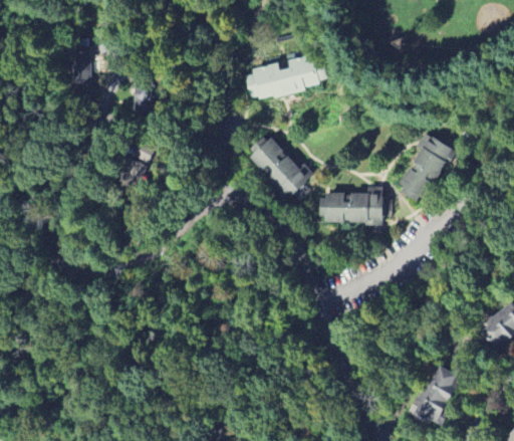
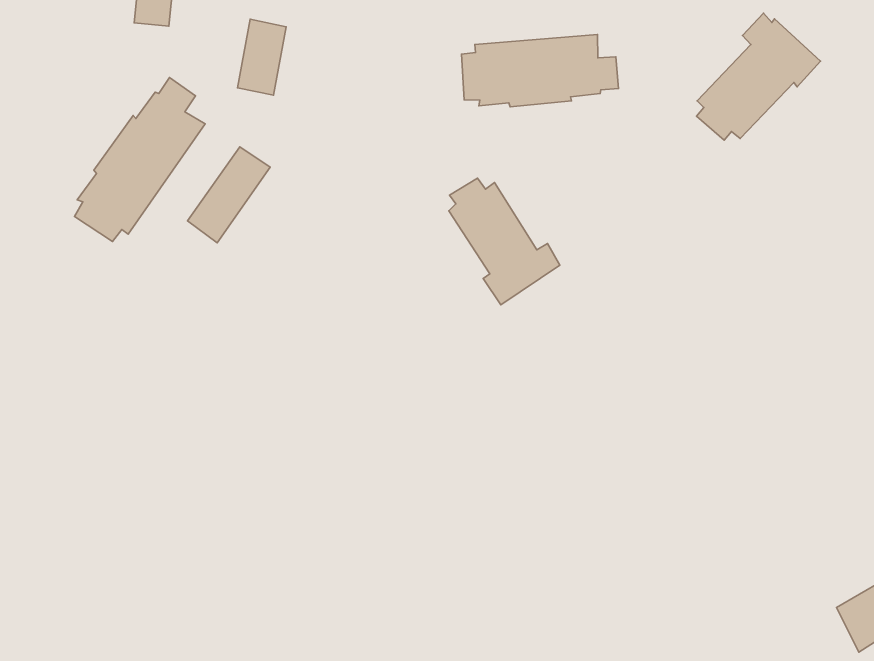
building: none -> [75,77,205,242]
building: [399,133,459,201] -> [697,13,821,140]
building: [318,187,381,224] -> none

